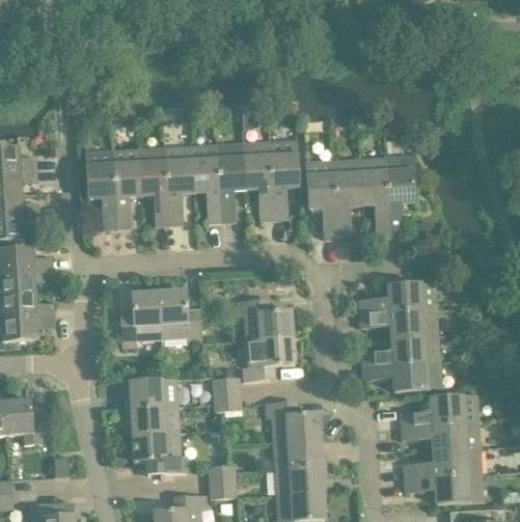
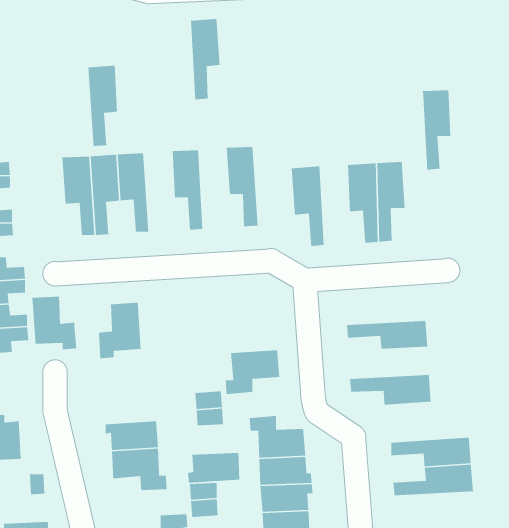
building: [268,141,298,219] -> none
building: [216,143,245,222] -> [190,18,221,100]
building: [163,146,192,225] -> [88,65,118,147]
building: [332,160,360,238] -> [422,89,451,170]
building: [356,282,434,313] -> none
building: [158,291,201,342] -> [32,296,77,350]
building: [236,299,292,340] -> none
building: [359,335,437,365] -> none
building: [125,379,175,409] -> [187,452,240,483]
building: [399,394,475,427] -> none
building: [403,474,481,503] -> none

